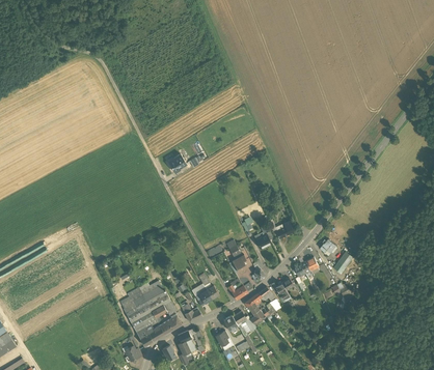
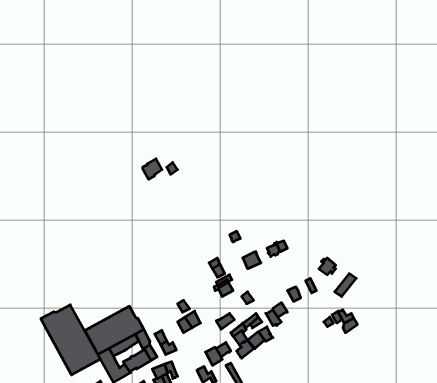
building: none -> [41,305,100,375]

